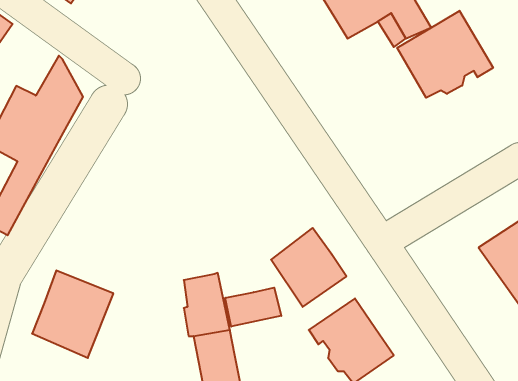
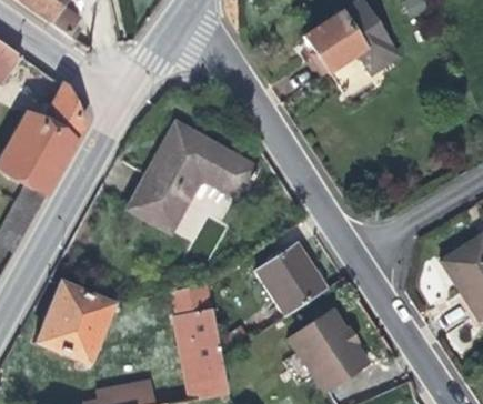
building: [397,11,493,98] -> none
building: none -> [130,127,253,230]
building: [225,288,281,327] -> none

